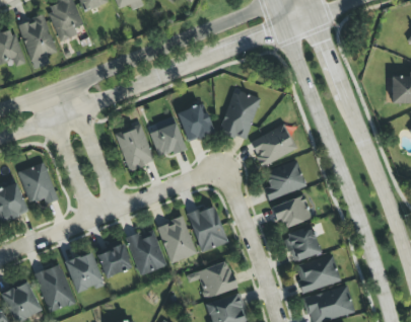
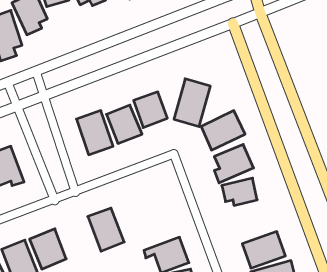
building: [187,205,227,252] -> none
building: [156,217,197,263] -> none
building: [285,225,322,262] -> none
building: [96,242,131,276] -> none

